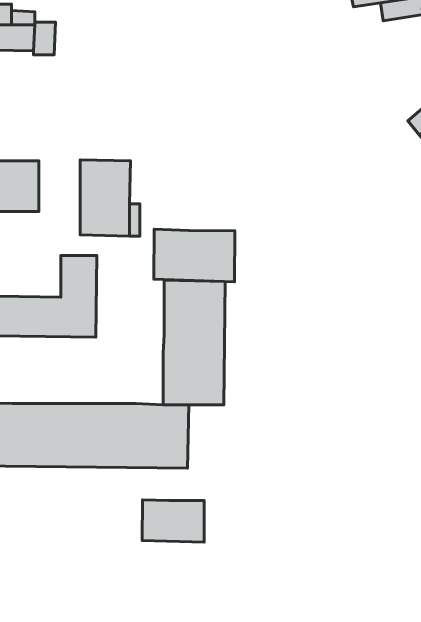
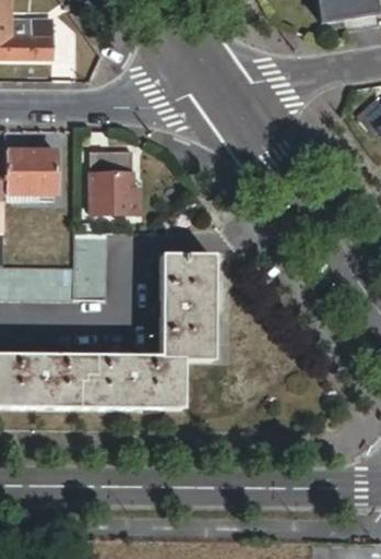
building: [154,229,235,282] -> none
building: [142,500,204,542] -> none

